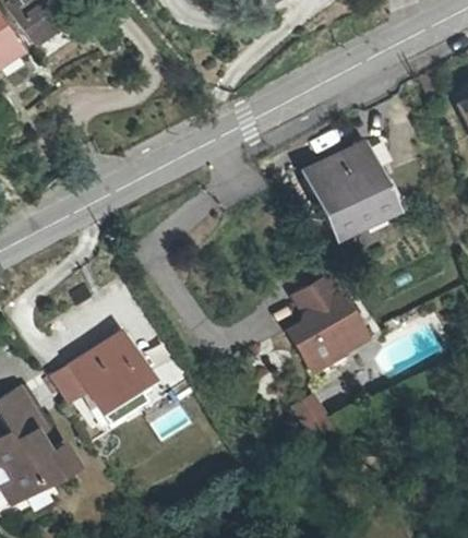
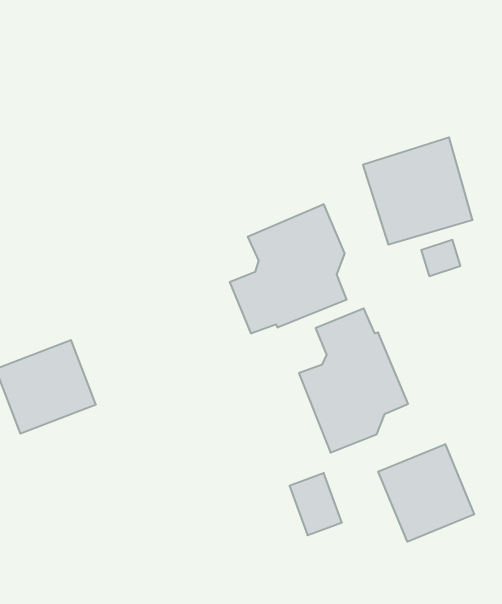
building: none -> [230,204,347,334]
building: none -> [378,444,474,542]

